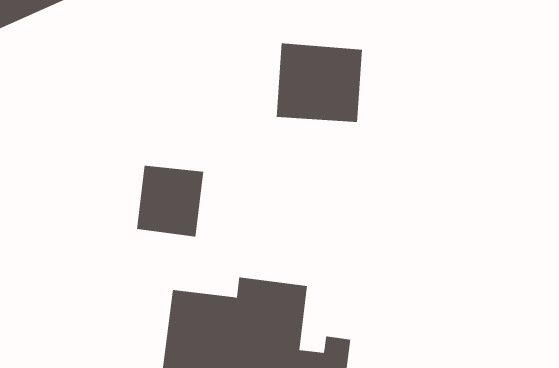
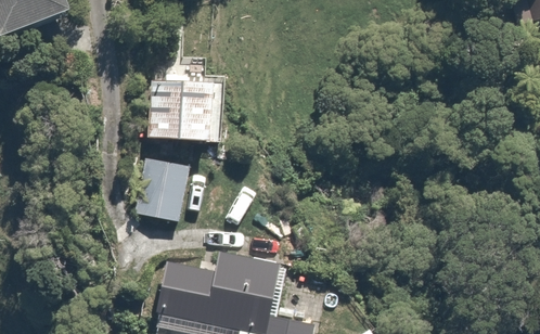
building: [276,43,363,122] -> [147,77,221,144]

